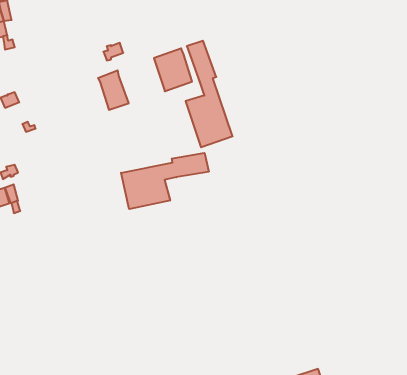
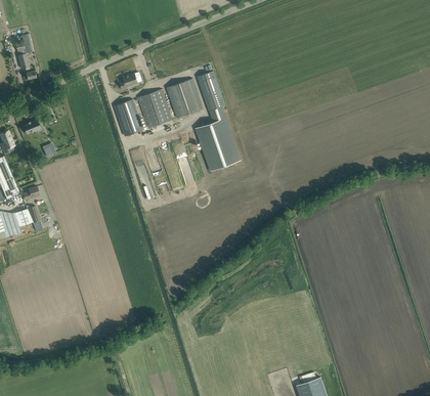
building: none -> [136,90,170,128]
building: [121,153,209,209] -> none

